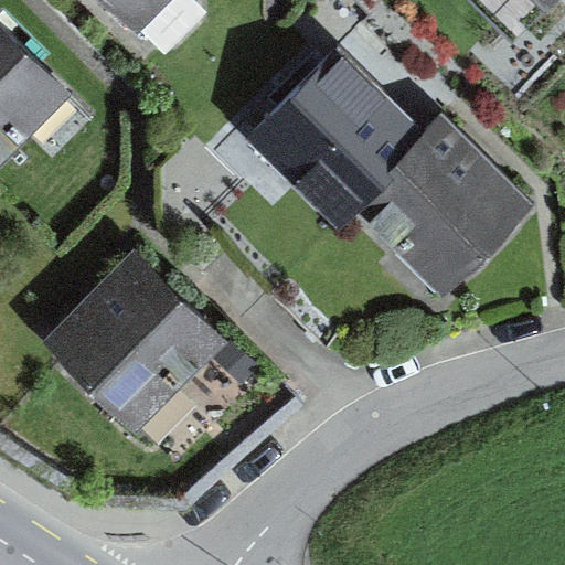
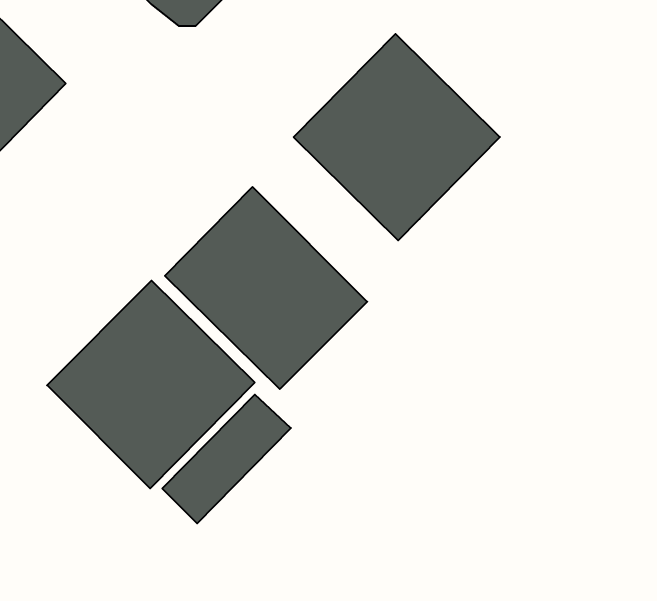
building: [354,117,524,288] -> none
building: none -> [165,187,367,389]

